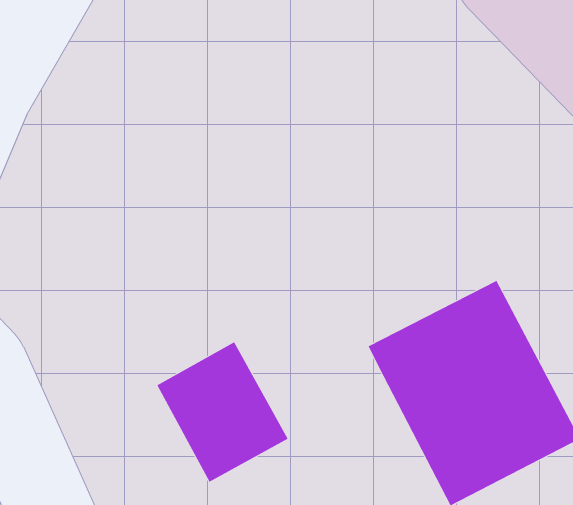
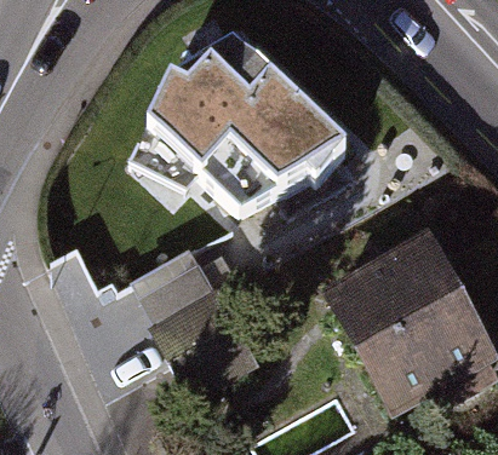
building: none -> [161,45,359,188]

